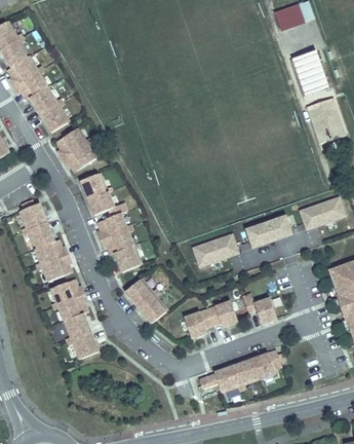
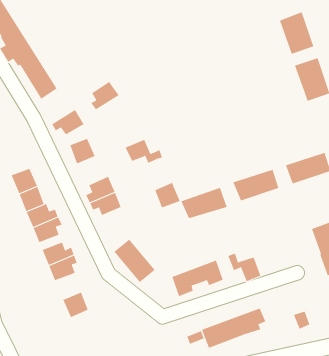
building: [56,132,86,161] -> [90,81,119,110]
building: [87,194,126,219] -> [125,139,163,163]
building: [115,247,142,273] -> [154,182,180,208]
building: [65,316,92,342] -> none

